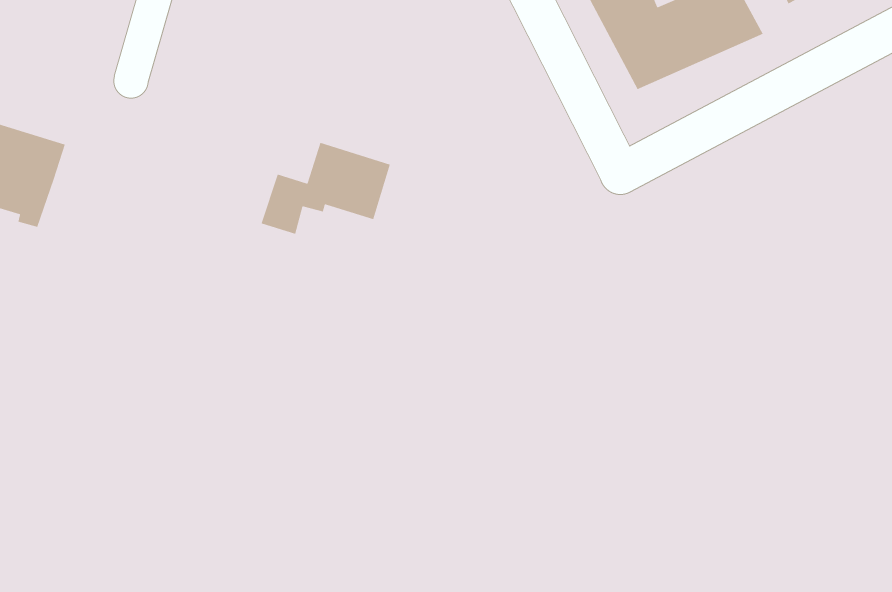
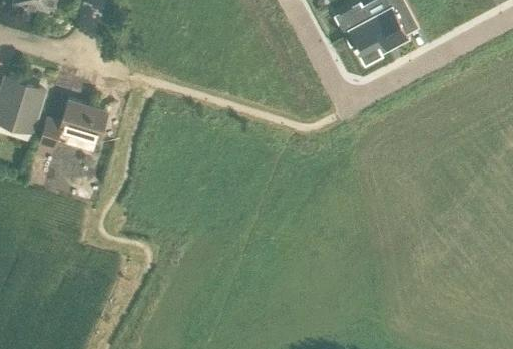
building: [260,142,391,235] -> [37,100,107,150]

